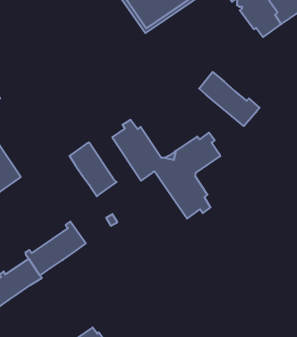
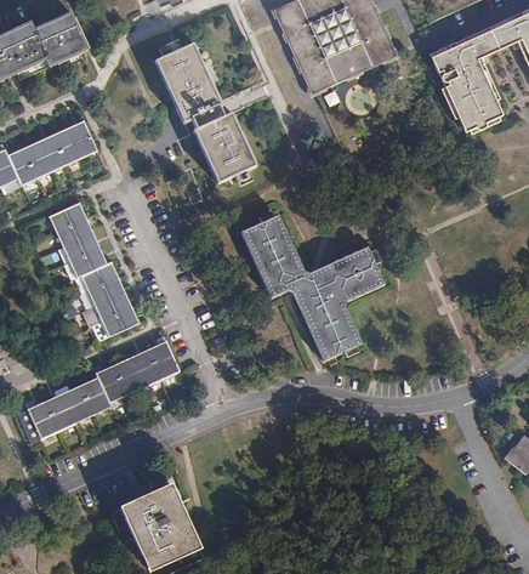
building: none -> [154,44,255,183]
building: [199,72,260,126] -> none
building: [69,143,117,196] -> [80,262,138,337]

